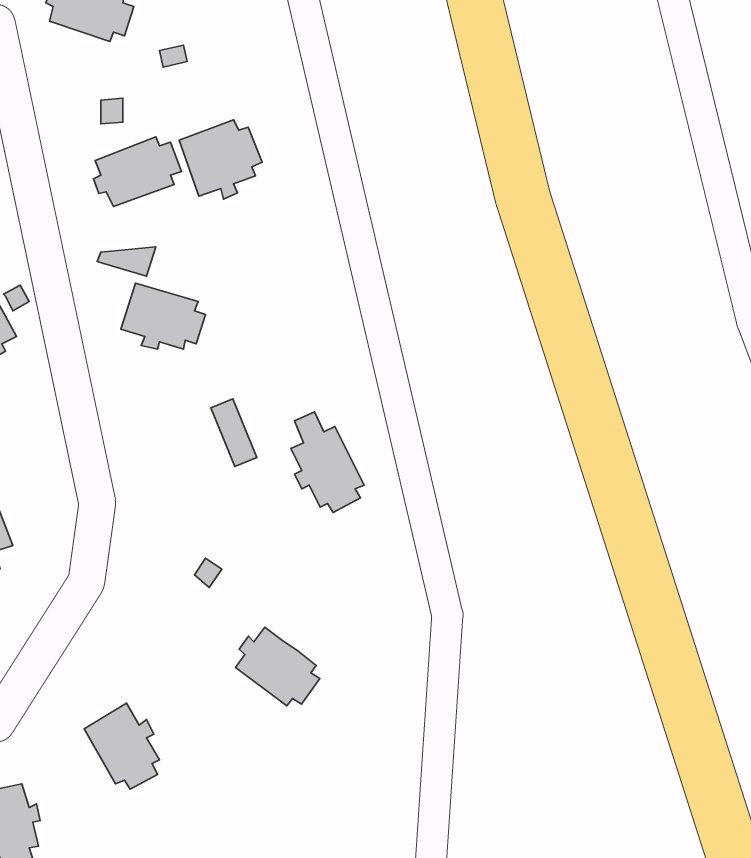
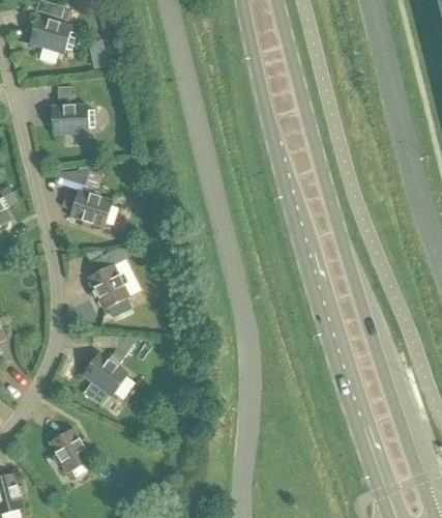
building: [179,120,262,199] -> none
building: [291,412,364,513] -> [89,254,130,311]
building: [236,627,320,706] -> [83,350,130,395]

